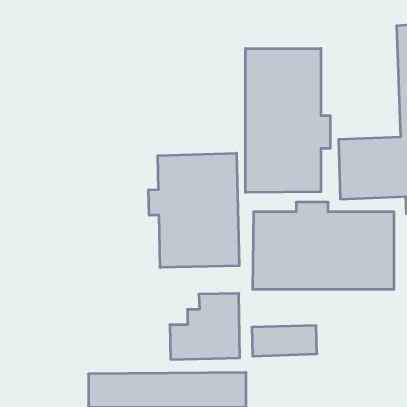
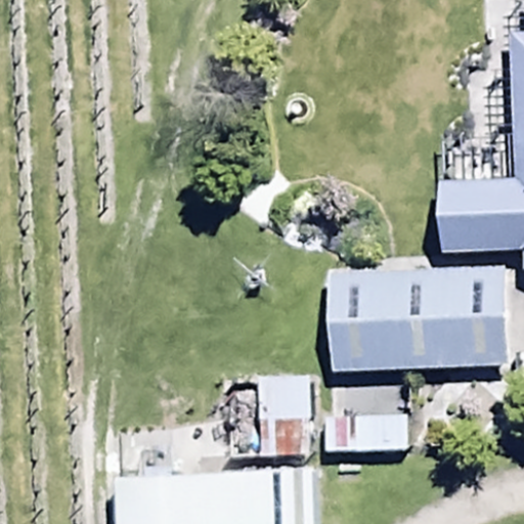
building: [246,48,330,193] -> none
building: [149,153,239,268] -> none

